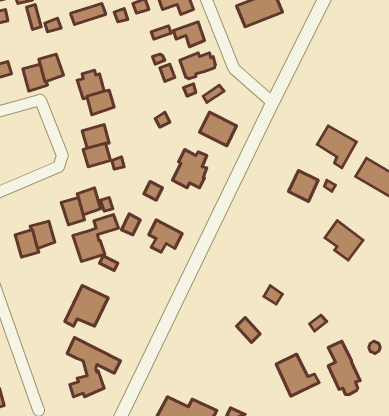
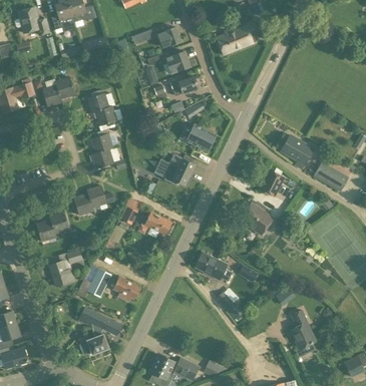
building: [73,215,119,262] -> [49,248,86,286]
building: [325,221,363,260] -> [242,203,273,235]
building: none -> [195,253,232,282]
building: none -> [113,277,140,302]
building: [276,354,319,396] -> none

